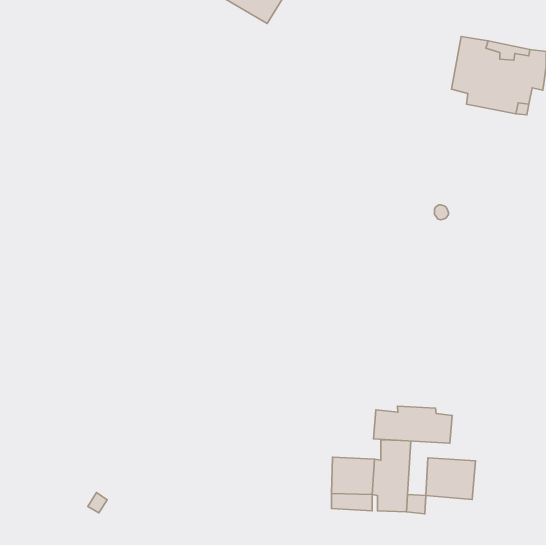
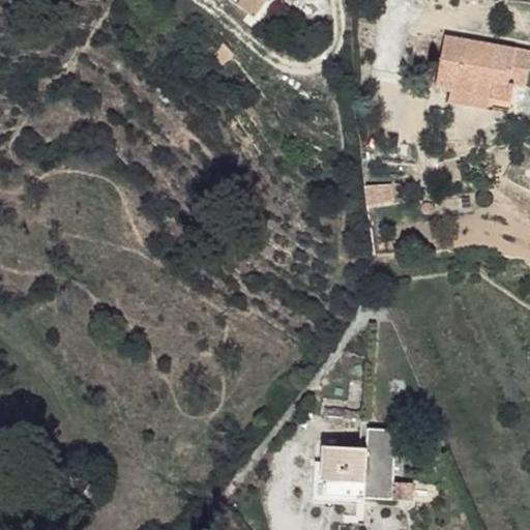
building: [373,406,452,443] -> none
building: [426,458,475,500] -> none

